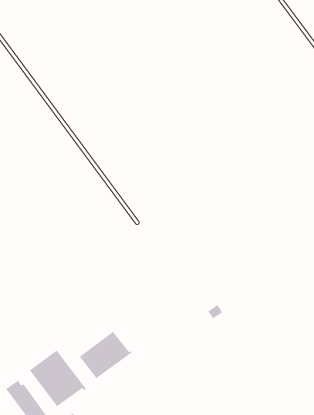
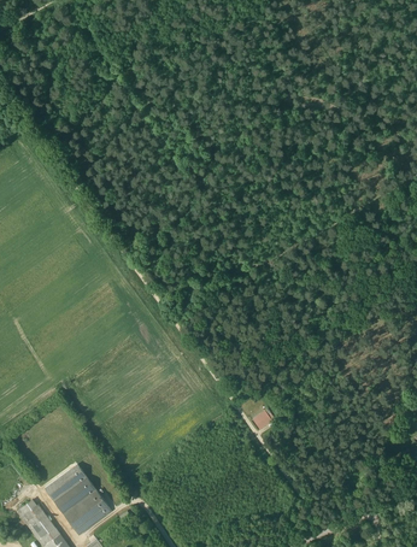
building: [79,331,133,379] -> none

